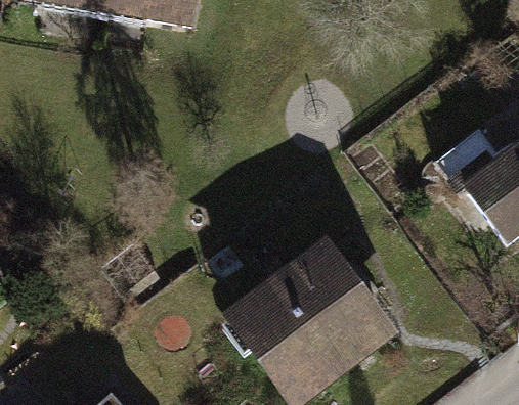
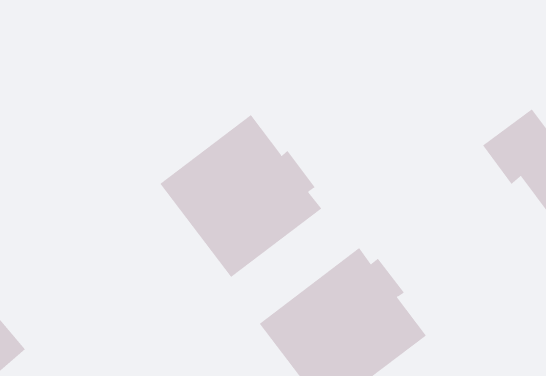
building: none -> [160,114,322,278]

